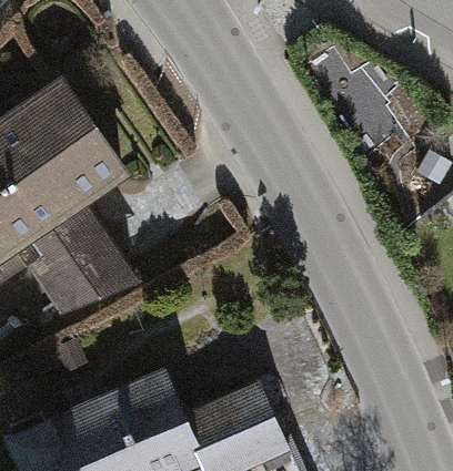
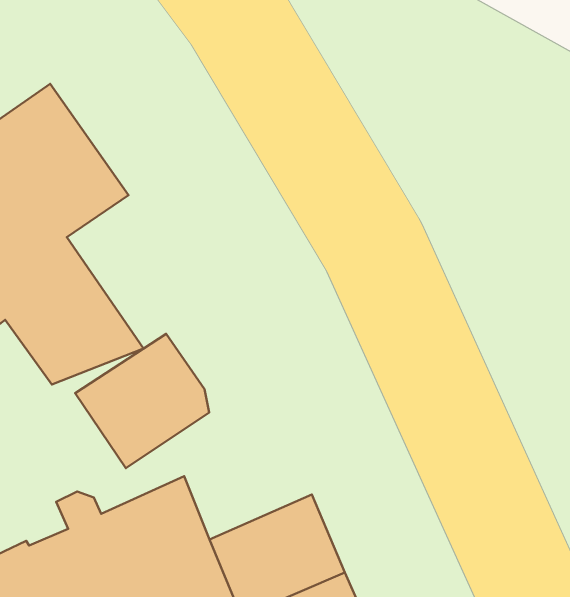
building: none -> [75,334,209,468]

